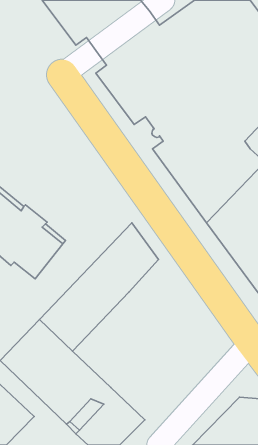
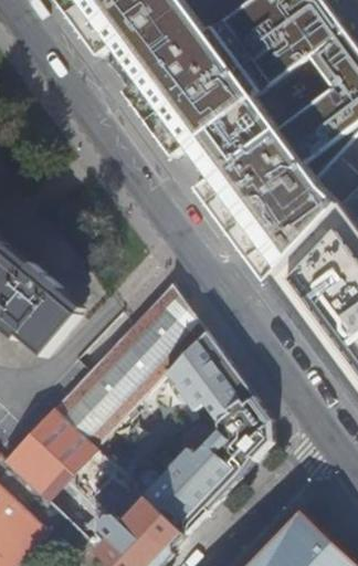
building: none -> [144,329,272,533]

